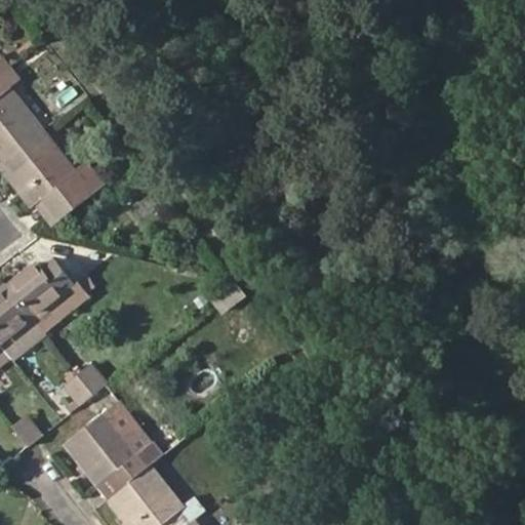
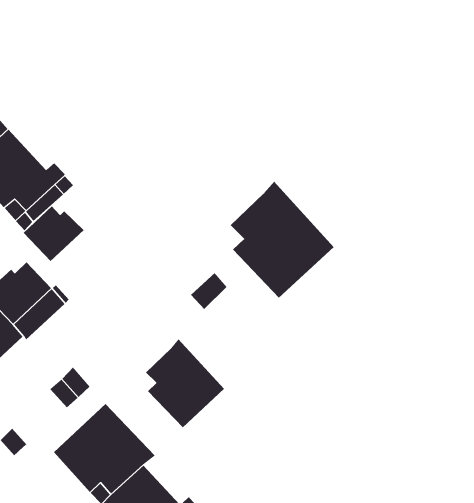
building: none -> [230,181,334,298]
building: none -> [23,205,84,262]
building: none -> [145,338,225,428]

